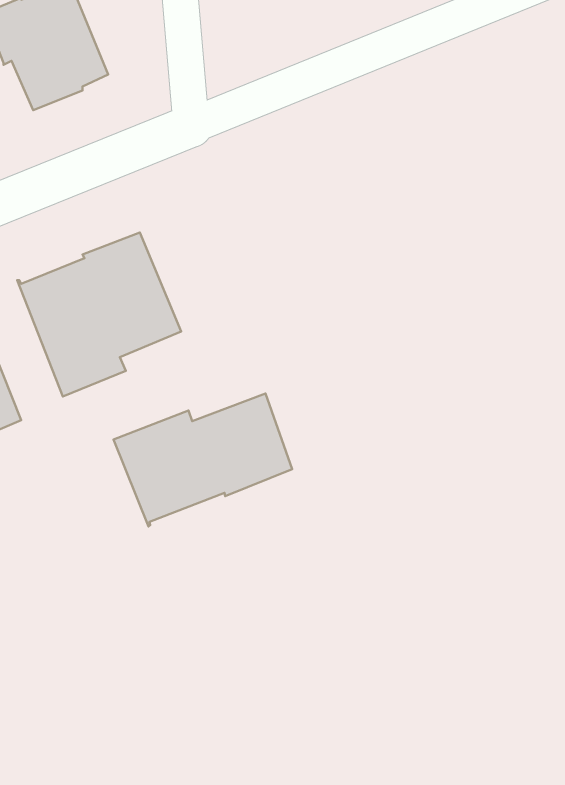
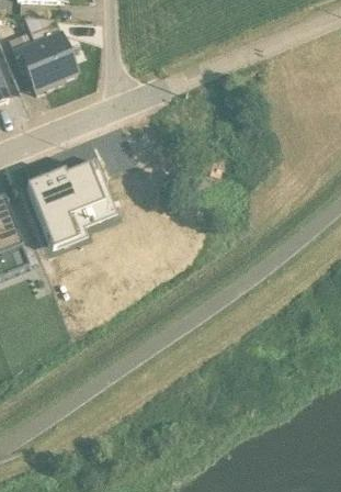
building: [114,393,292,526] -> none

